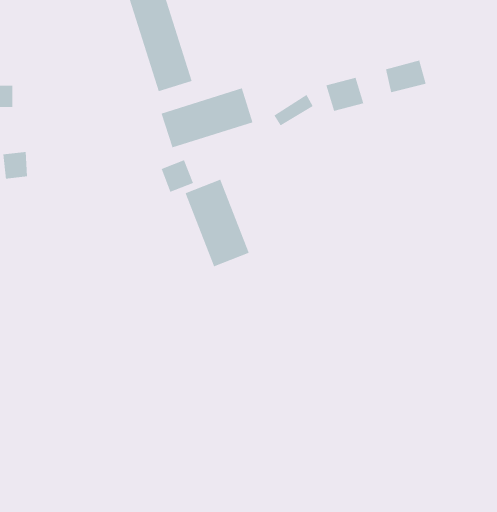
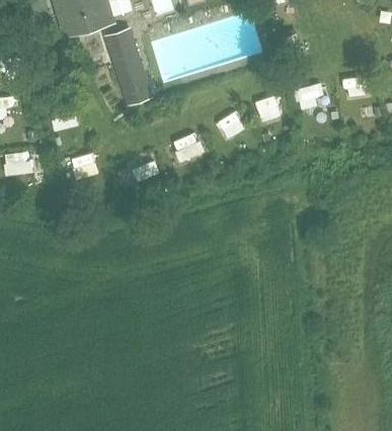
building: [161,88,253,148] -> none
building: [185,179,250,267] -> none

